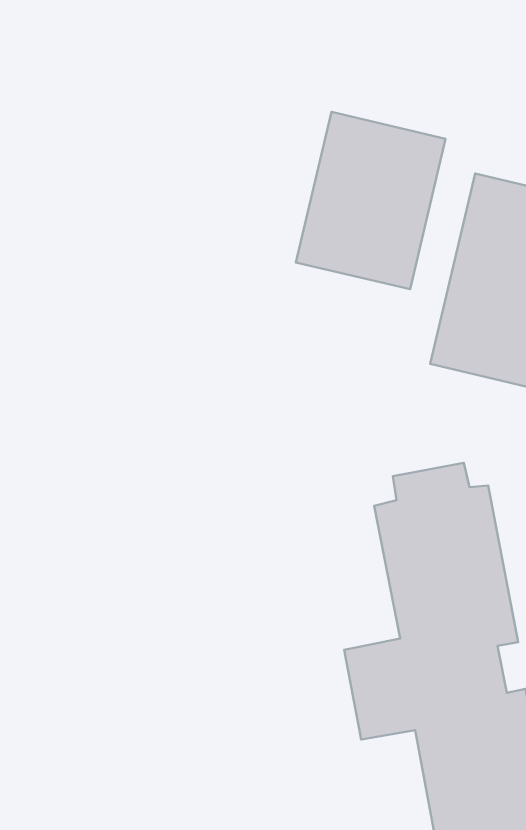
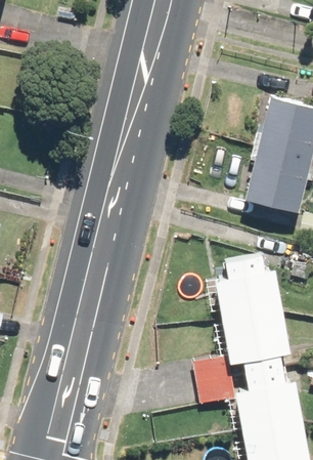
building: [296,112,446,289] -> none

